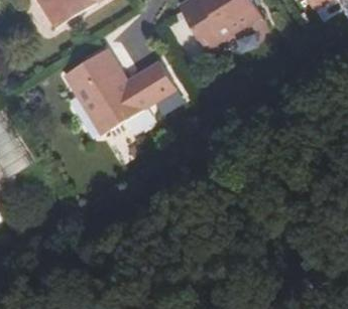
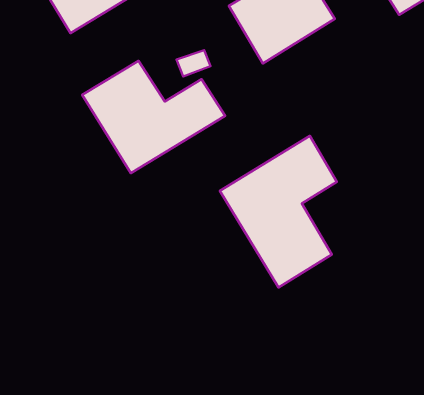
building: none -> [220,136,337,288]

